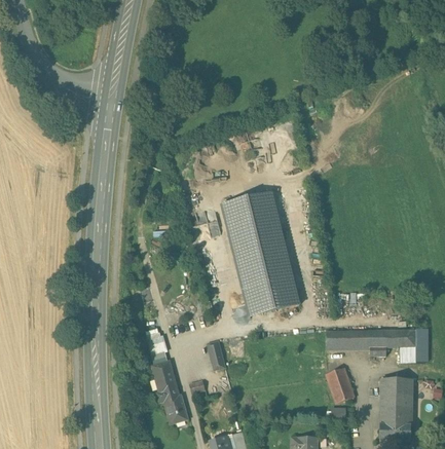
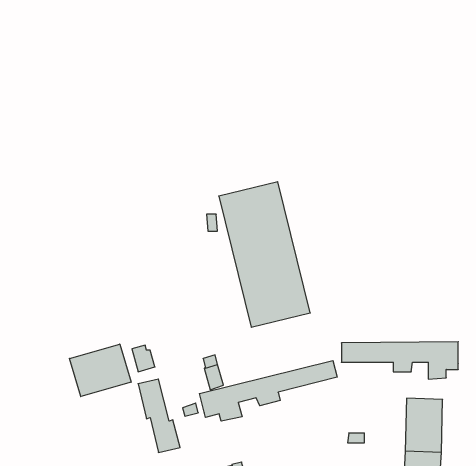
building: none -> [69,344,131,397]
building: none -> [199,361,337,421]
building: [326,367,354,403] -> none

